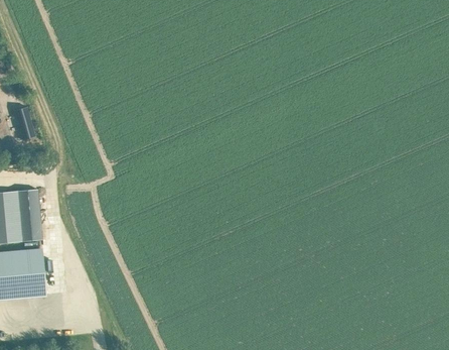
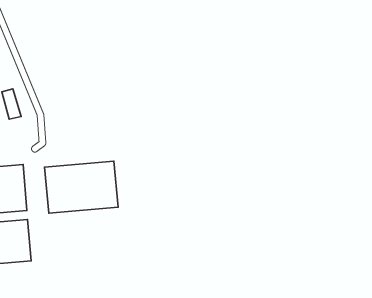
building: none -> [45,161,118,213]

